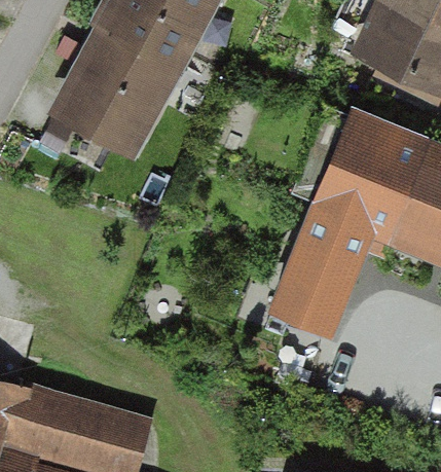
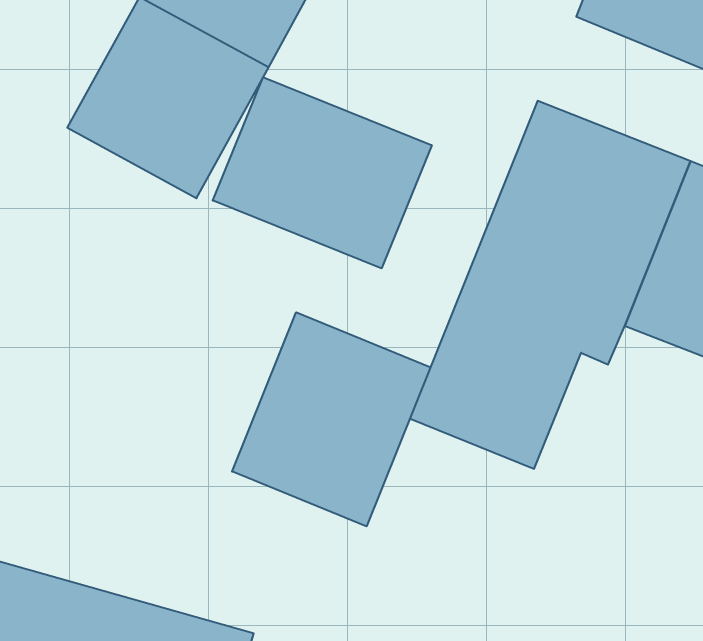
building: none -> [213,77,432,268]
building: none -> [232,312,431,526]

